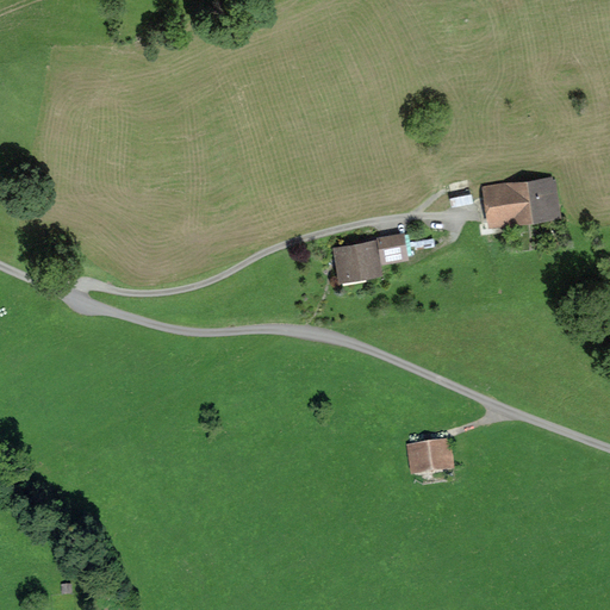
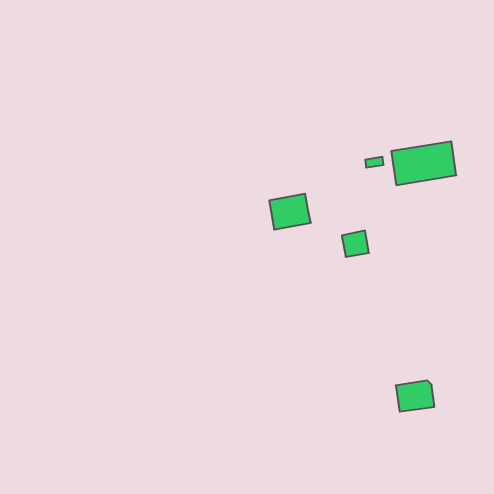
building: [375,232,409,264] -> [342,231,369,257]
building: [406,440,454,478] -> [396,381,434,412]

